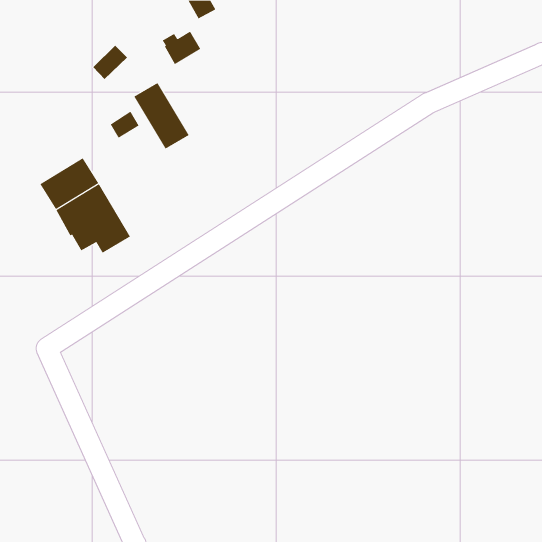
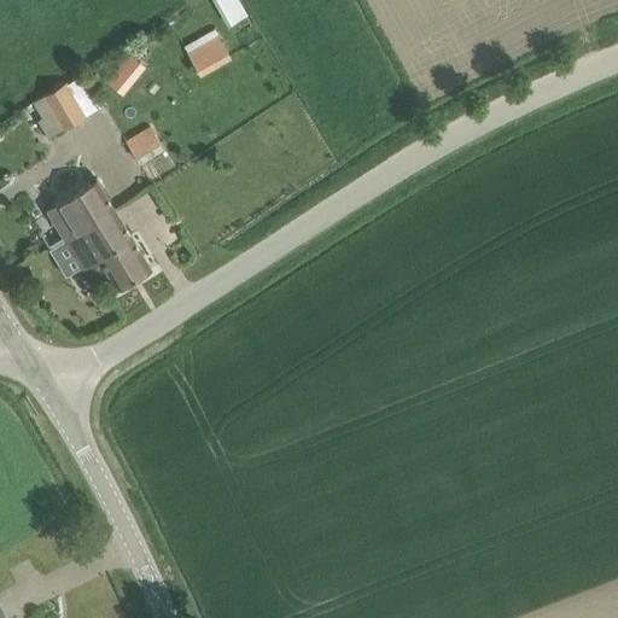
building: none -> [41,82,94,132]
building: [133,82,190,150] -> none

